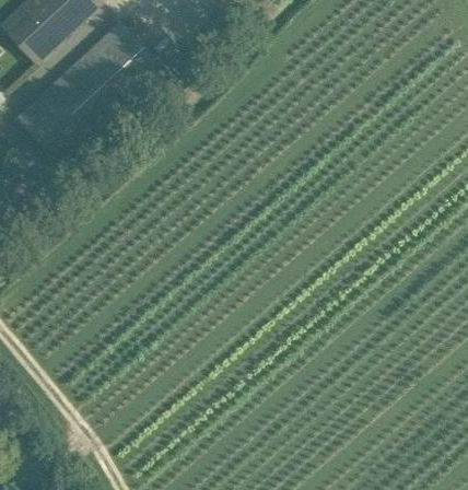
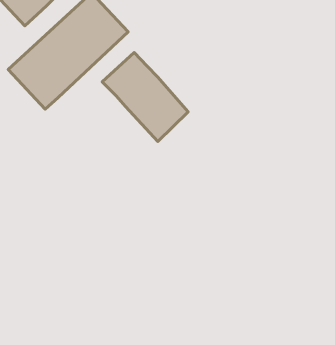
building: none -> [102,52,188,142]

